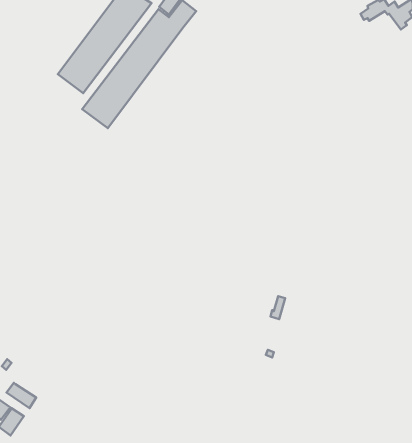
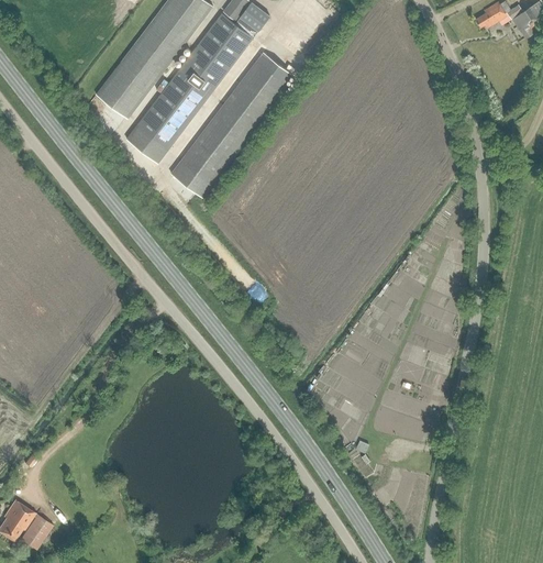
building: none -> [170,51,290,196]
building: [7,383,36,408] -> none

